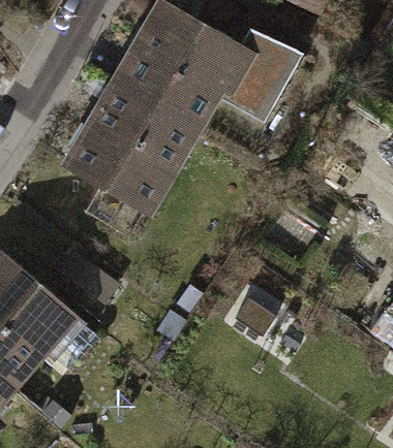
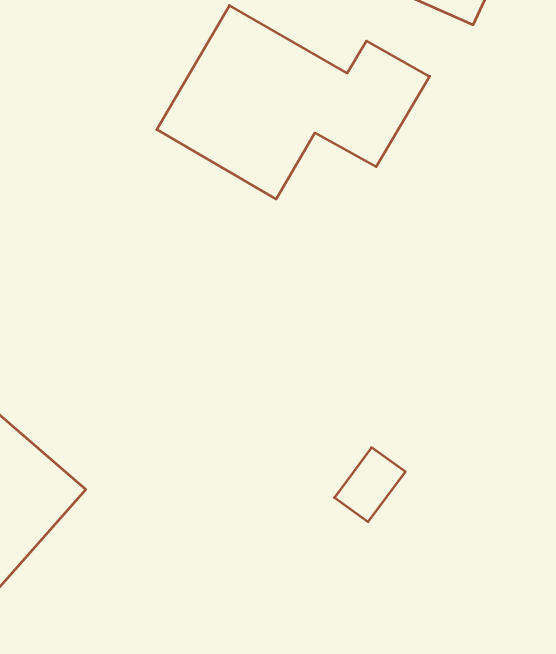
building: [69,90,192,213] -> none

